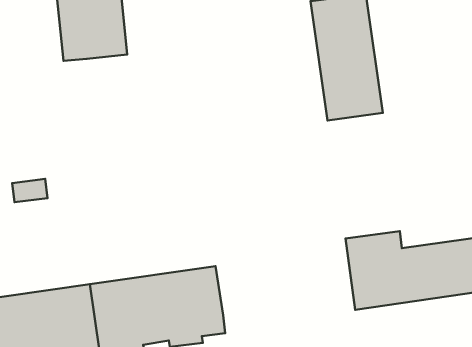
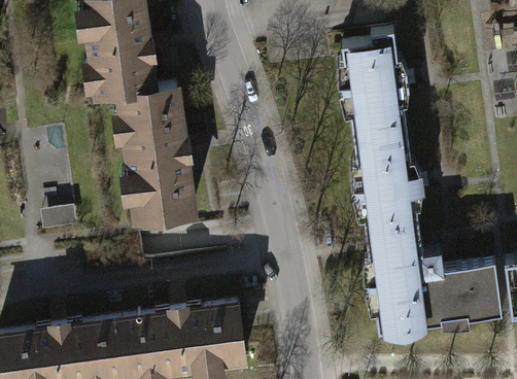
building: none -> [118,88,197,231]
building: none -> [351,147,421,269]

